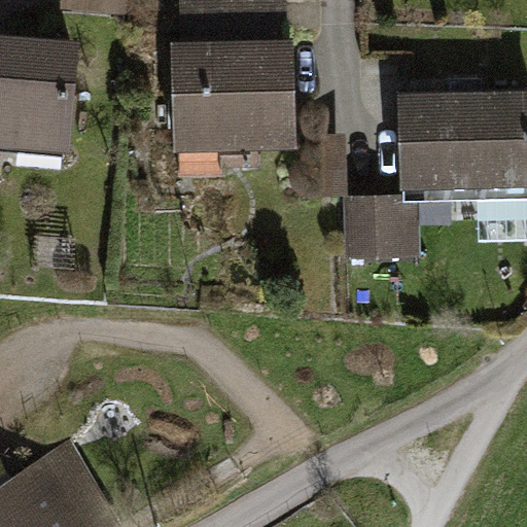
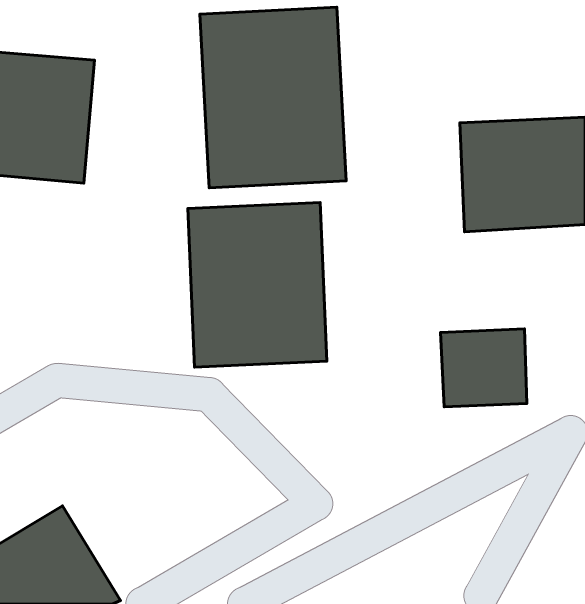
building: none -> [188,203,327,367]
building: [330,187,406,255] -> [441,329,527,407]

